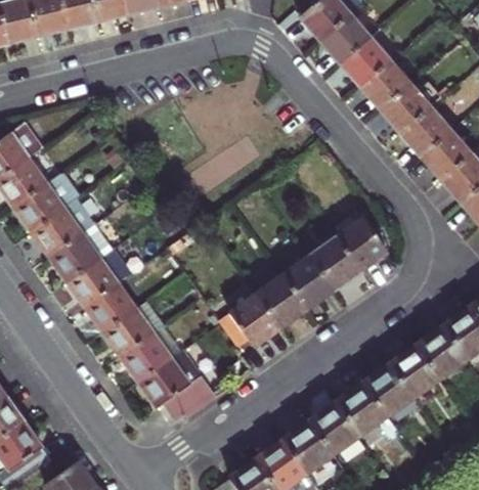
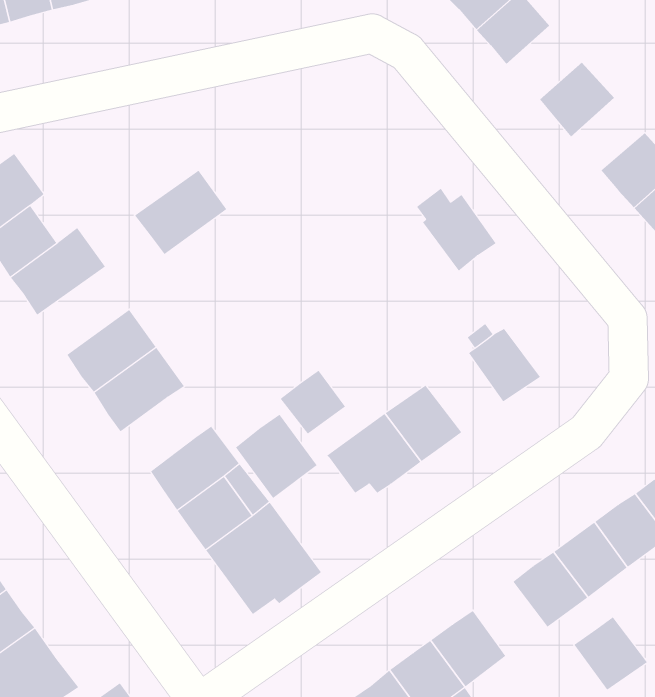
building: [339,41,388,89] -> none
building: [381,88,429,135] -> none
building: [34,199,94,255] -> [134,170,227,255]
building: [334,215,386,269] -> [416,188,496,271]
building: [287,254,337,305] -> none
building: none -> [280,370,346,434]
building: [88,282,137,330] -> none
building: none -> [235,414,318,499]
building: [317,402,365,450] -> [574,617,648,691]

